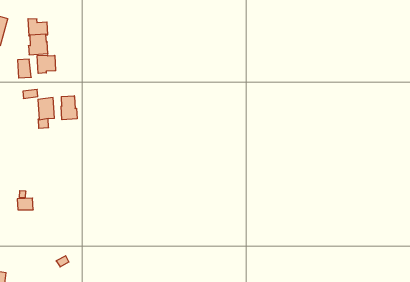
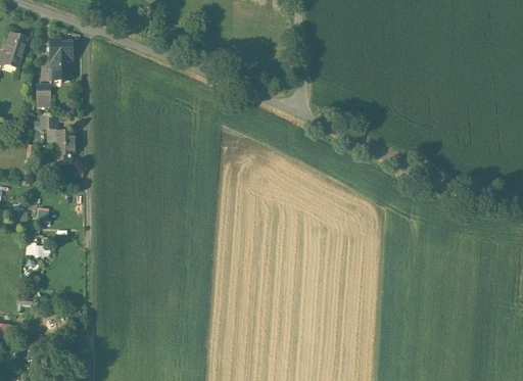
building: [37,55,56,73] -> none
building: [61,96,77,120] -> none

